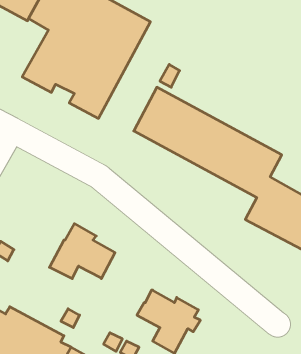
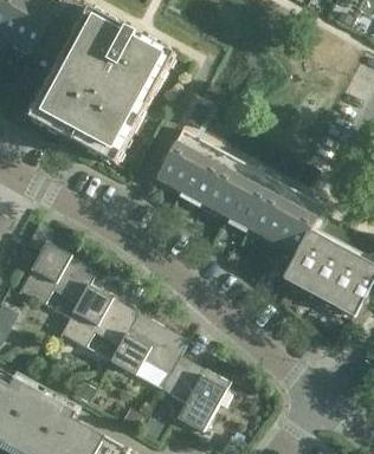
building: none -> [17,241,92,304]
building: none -> [108,311,183,375]

